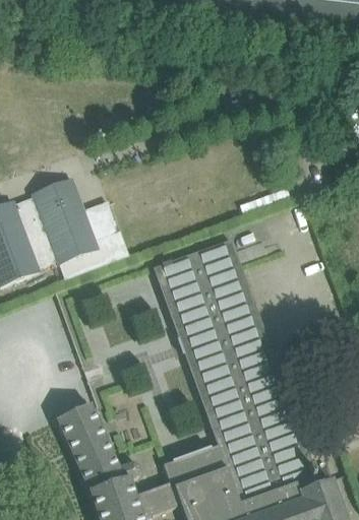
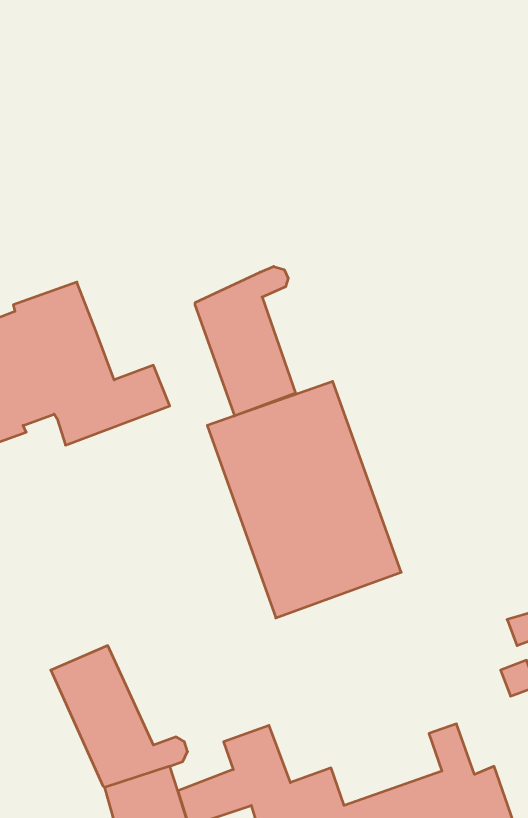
building: none -> [195,266,295,416]
building: [190,360,307,505] -> none

